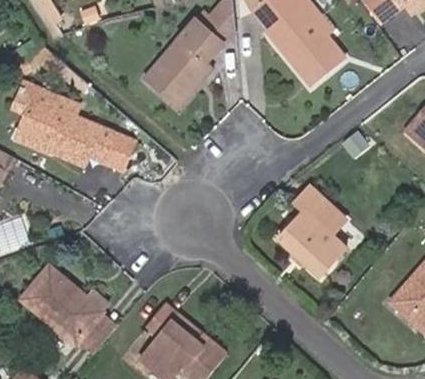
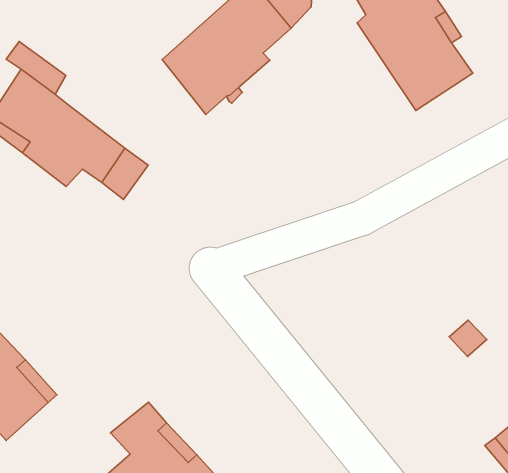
building: [272,185,355,281] -> none

